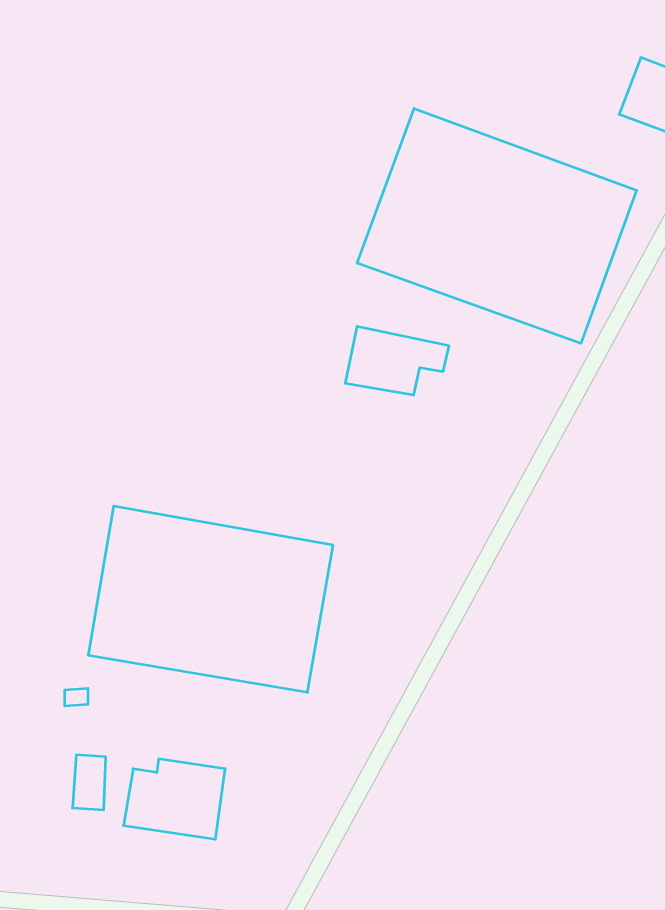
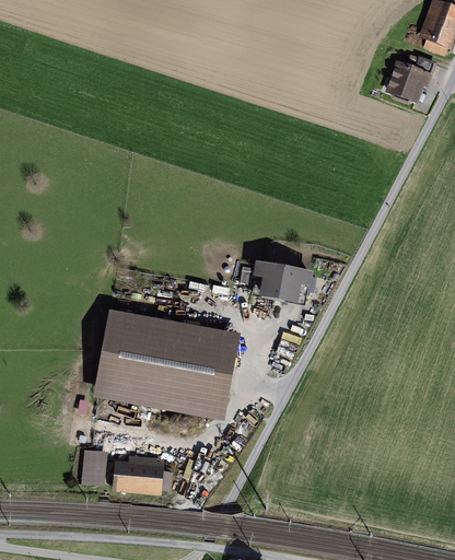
building: [357,108,637,343] -> none
building: [345,326,449,395] -> [253,264,311,302]

